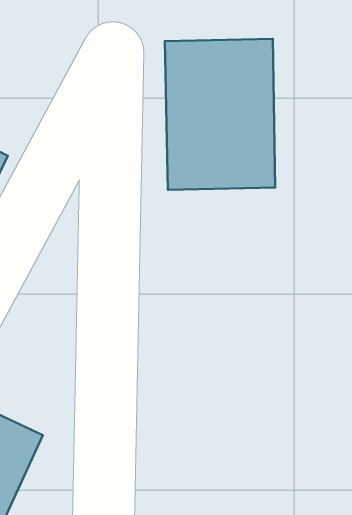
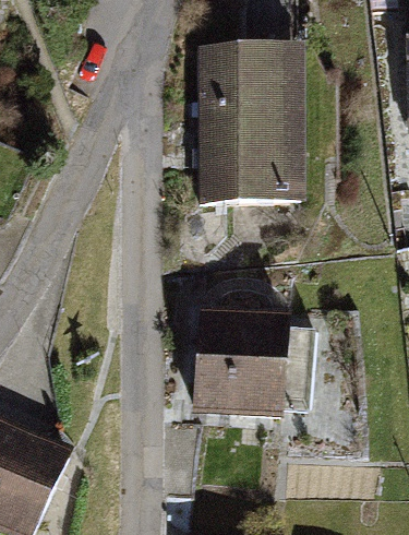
building: none -> [196,308,316,418]

